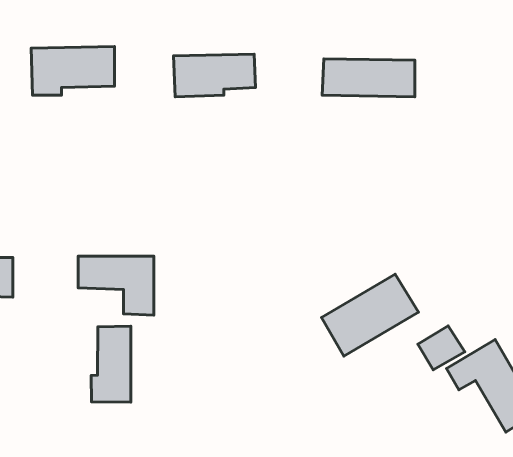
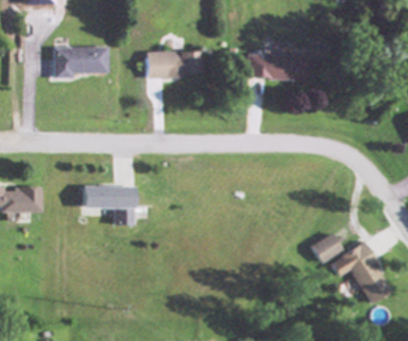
building: [322,274,419,356] -> none
building: [91,326,131,402] -> none

